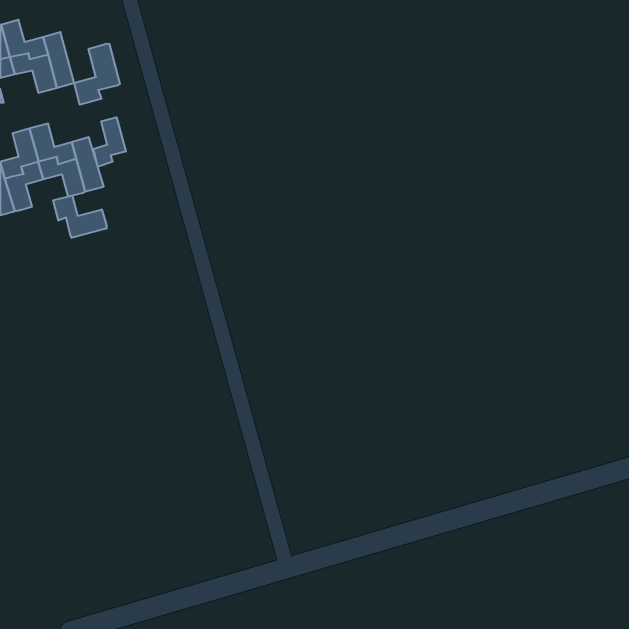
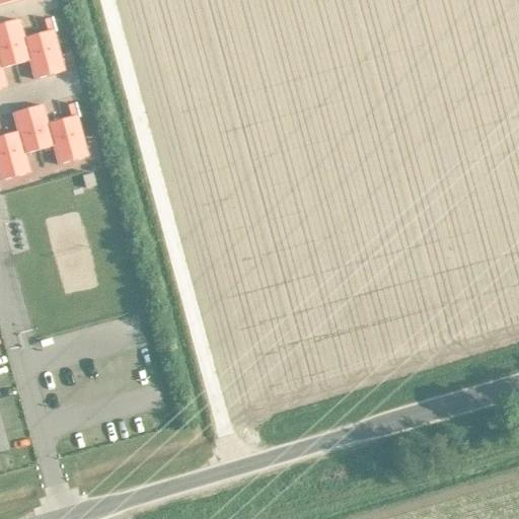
building: [74,44,120,105] -> none
building: [93,117,126,167] -> none
building: [53,195,107,238] -> none

